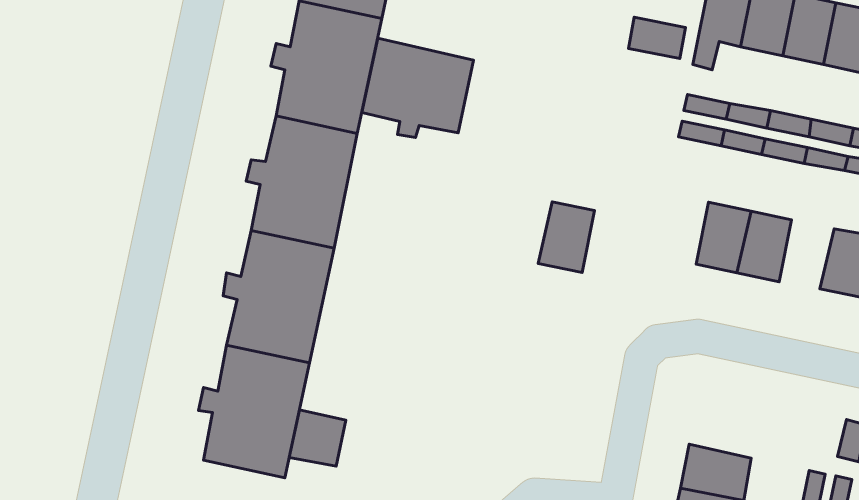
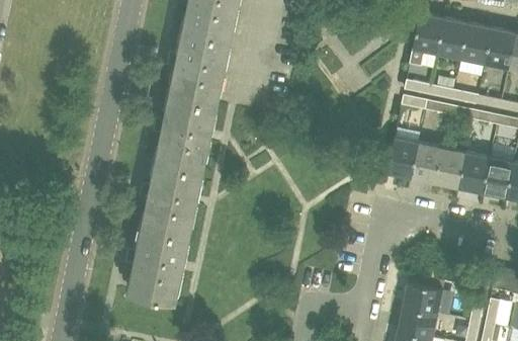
building: [629,17,685,59] -> none
building: [362,38,473,138] -> none
building: [538,202,595,272] -> [386,138,419,178]
building: none -> [459,153,491,192]
building: [289,410,346,466] -> none

